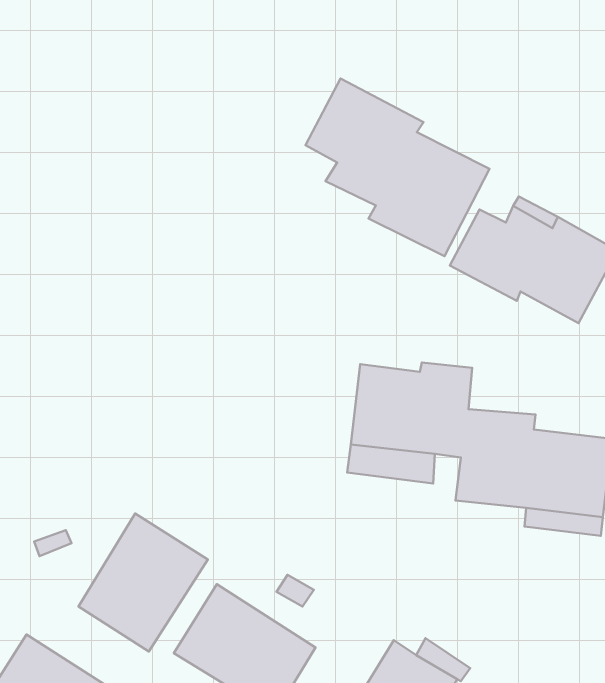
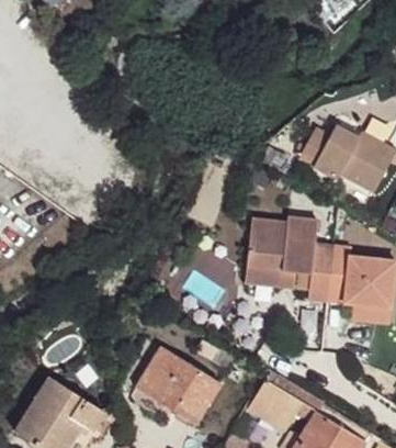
building: [306,78,489,256] -> none
building: [79,513,208,652] -> none

